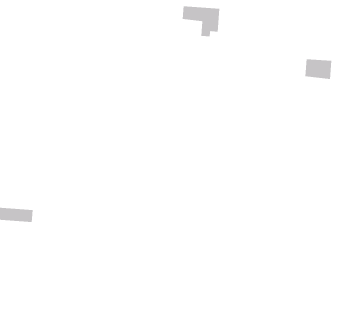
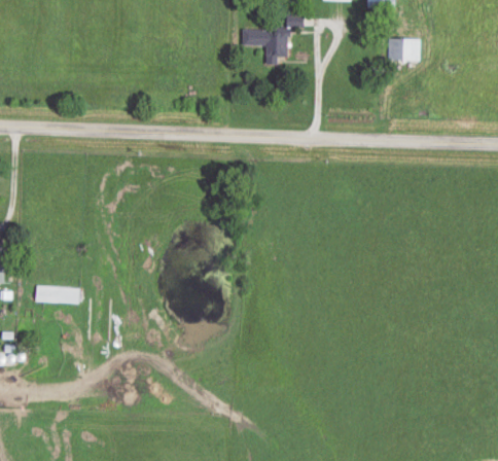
building: [304,59,332,79] -> [388,38,420,61]

